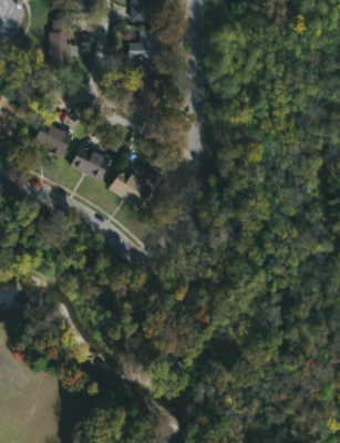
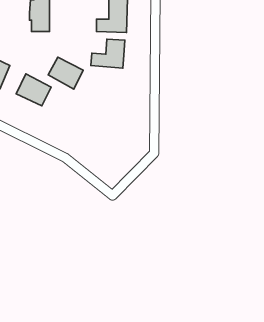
building: [69,144,110,182] -> [48,57,83,89]
building: [107,165,154,210] -> none

